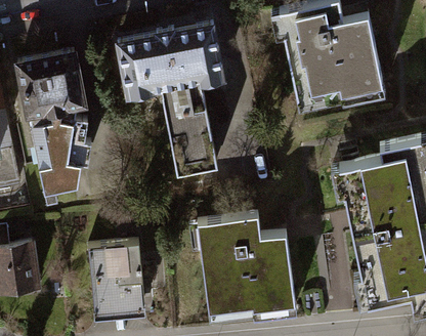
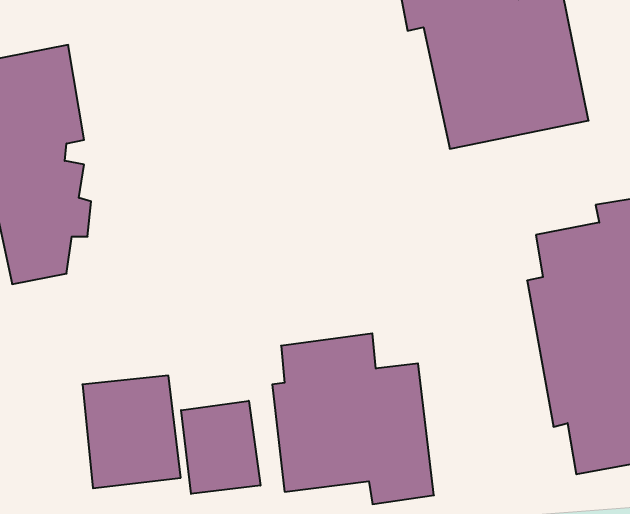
building: [118,29,221,172] -> none
building: none -> [181,401,260,494]

